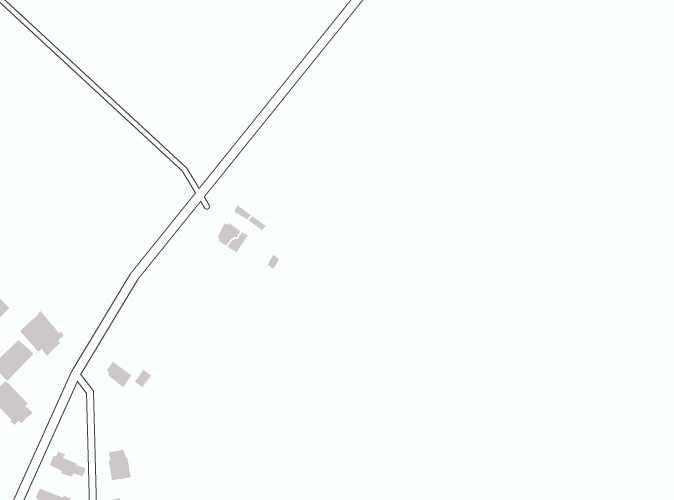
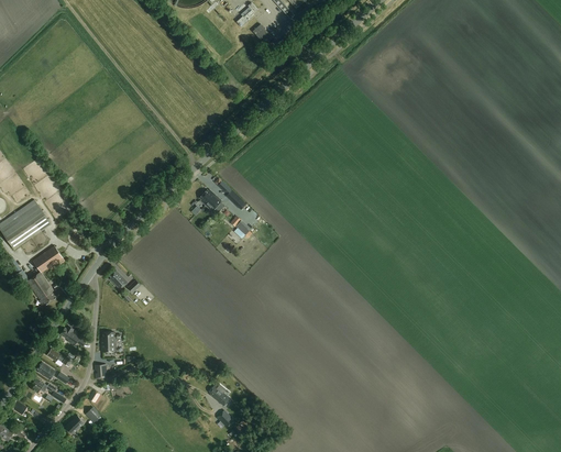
building: [20,310,64,357] -> none

